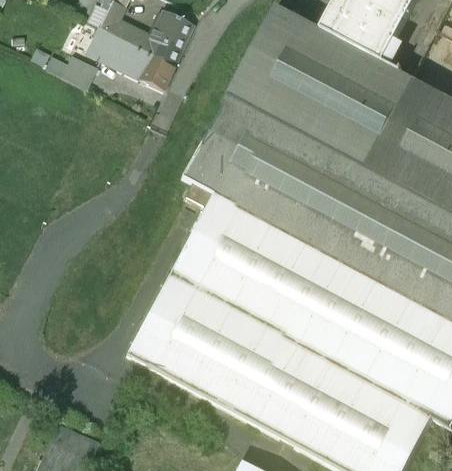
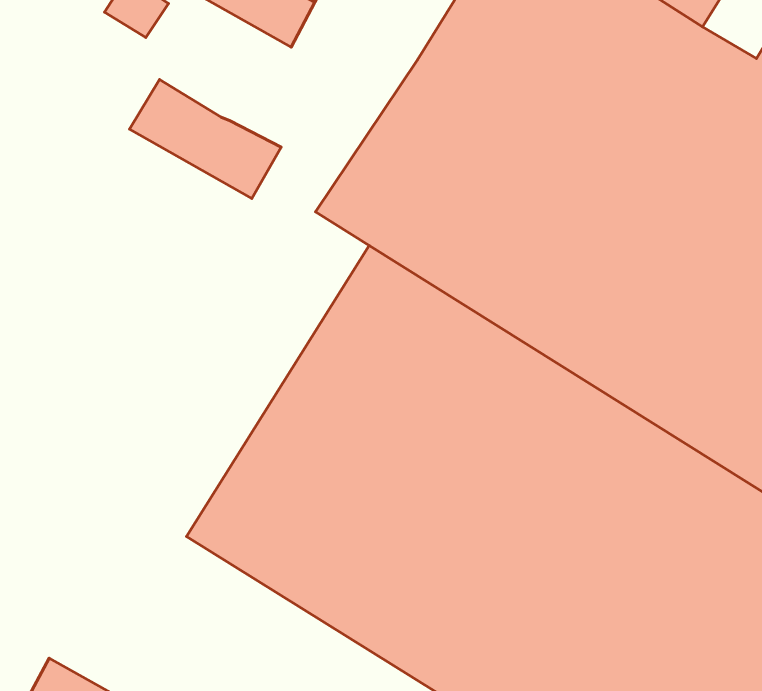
building: none -> [130,79,281,199]

